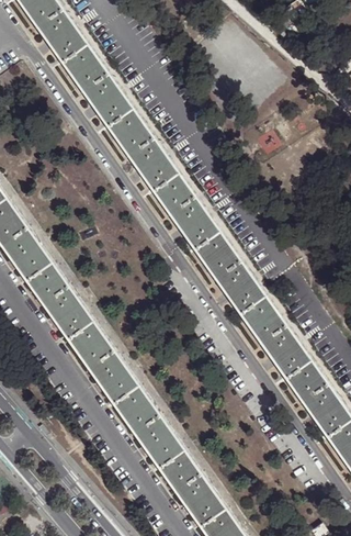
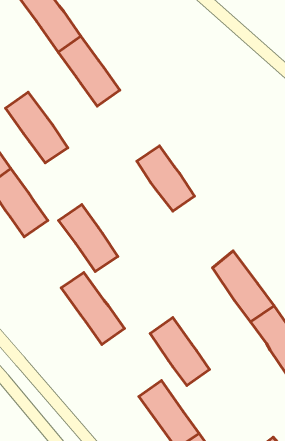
building: [116,121,189,203] -> [5,92,68,163]
building: [204,244,274,327] -> none
building: [32,272,101,350] -> [58,204,118,272]
building: [122,398,191,477] -> [150,318,210,386]

